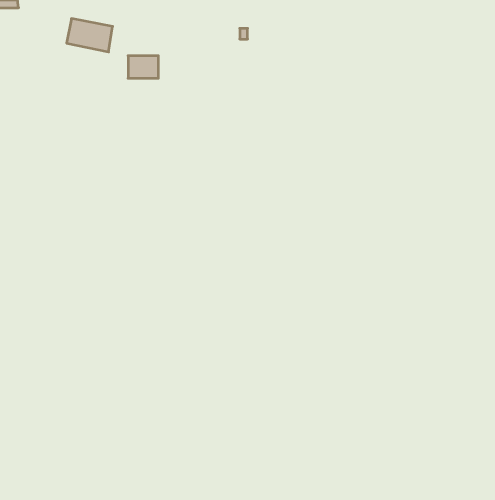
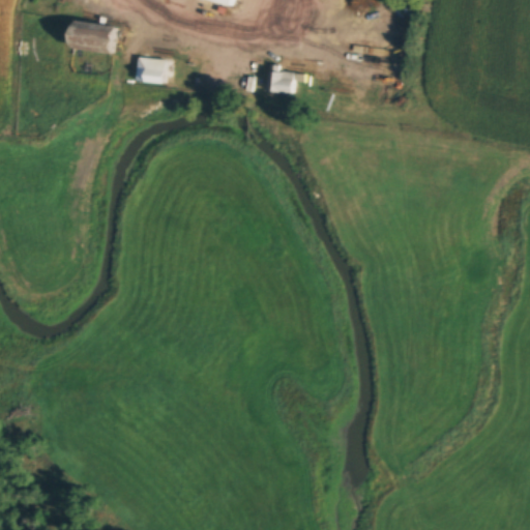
building: none -> [266,66,294,93]

